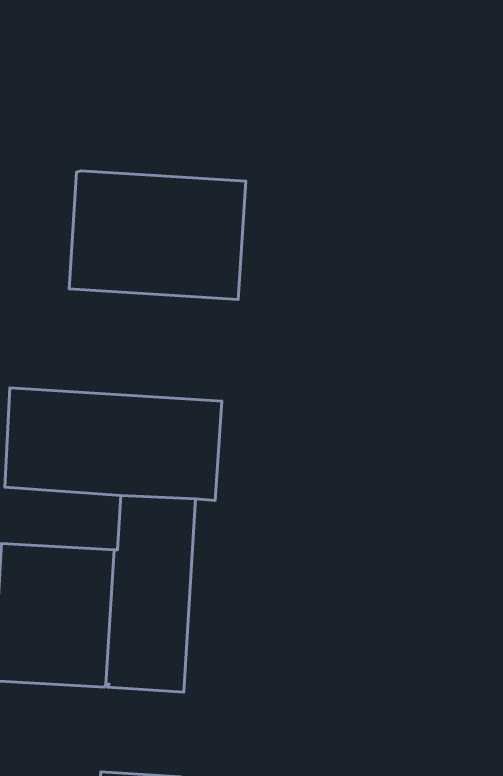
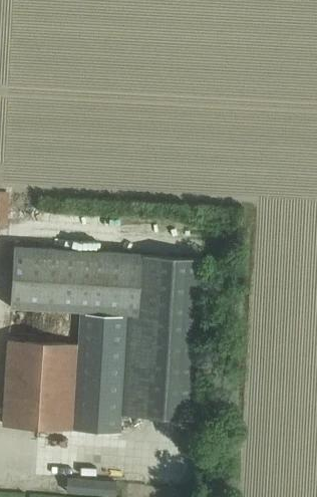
building: [69,171,246,299] -> none
building: none -> [118,256,203,421]

